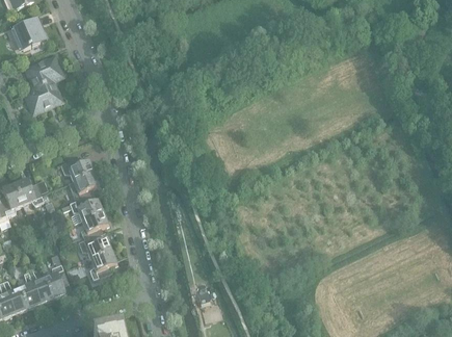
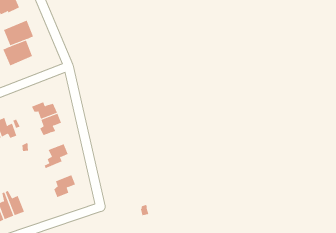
building: [59,197,101,218] -> none
building: [77,233,110,258] -> none
building: [43,252,65,296] -> none

